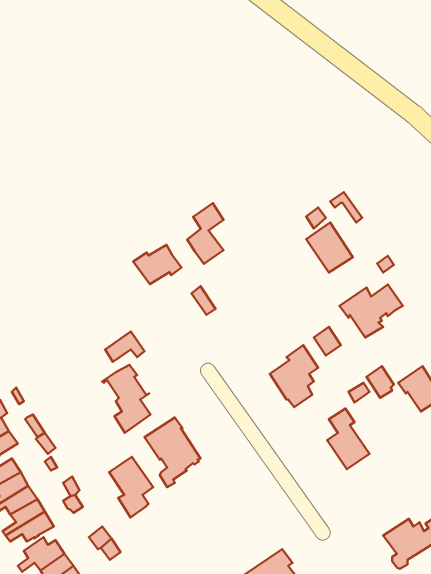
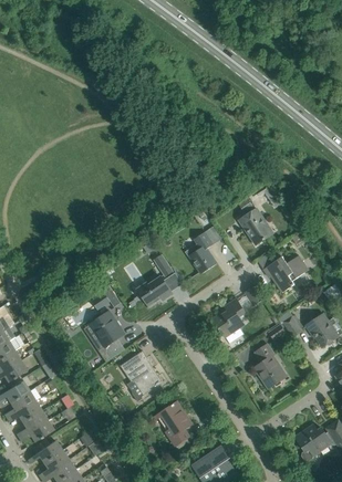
building: [187,203,223,264] -> [189,229,216,273]
building: [133,245,182,284] -> [136,276,172,305]
building: [109,457,153,517] -> [159,401,191,446]

